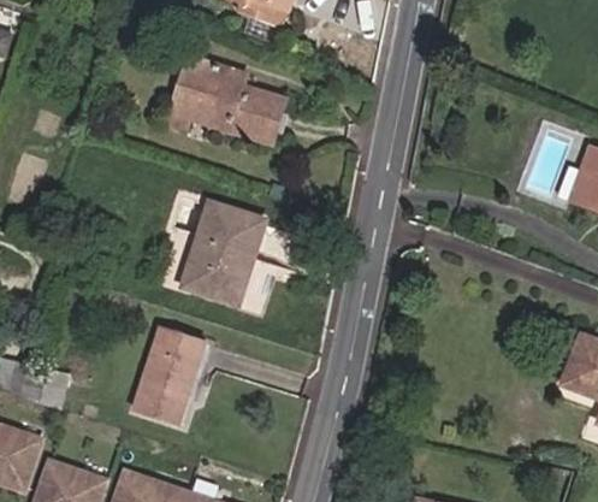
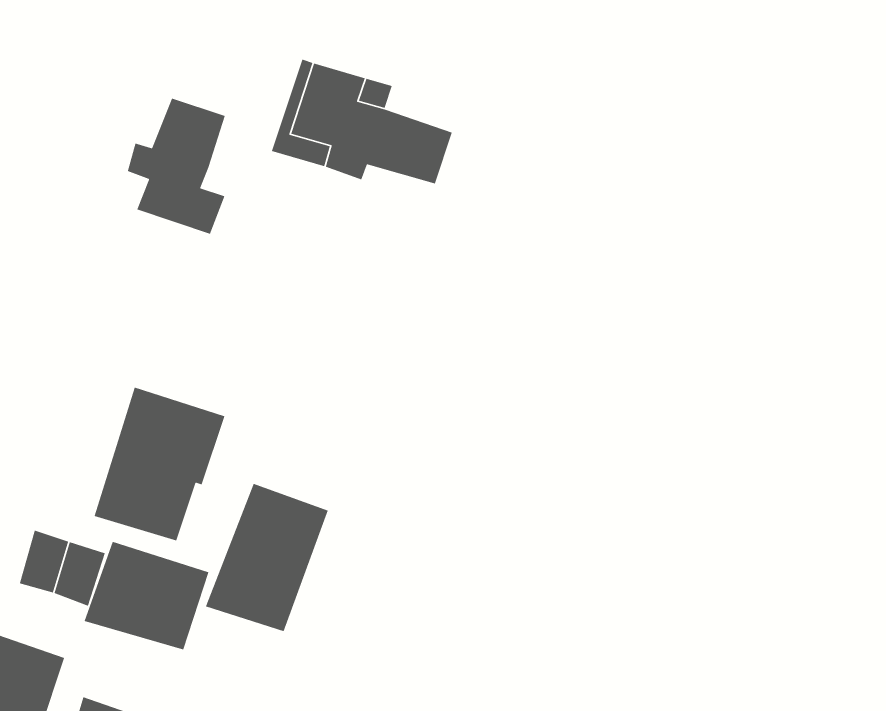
building: none -> [127,97,226,235]
building: [183,205,265,301] -> [94,387,225,542]
building: none -> [83,541,209,650]

